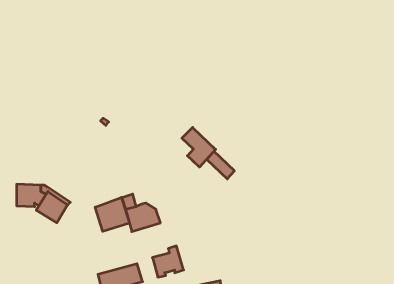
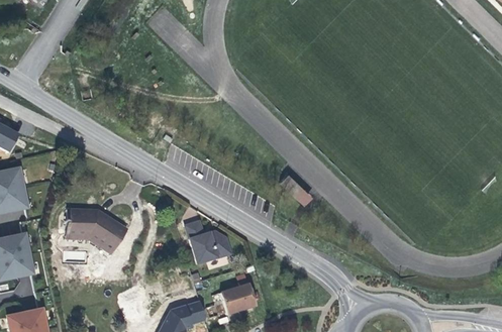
building: [182,127,216,167] -> none
building: [95,197,129,231] -> none

